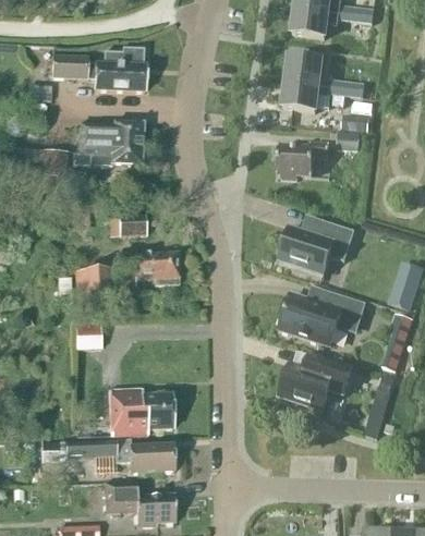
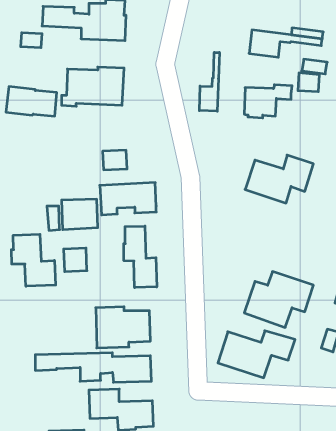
building: [286,54,323,85] -> none
building: none -> [199,52,219,111]
building: [279,292,365,344] -> [218,331,295,378]
building: none -> [124,226,157,288]
building: none -> [11,234,56,286]

